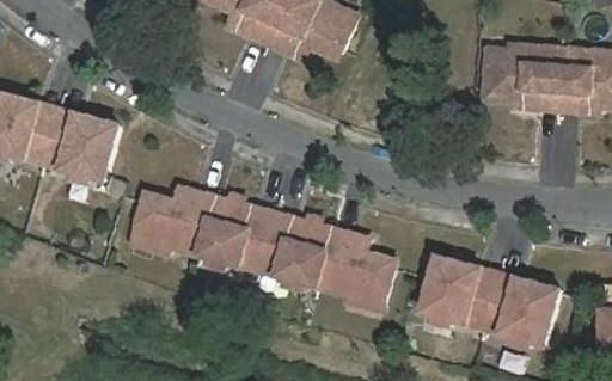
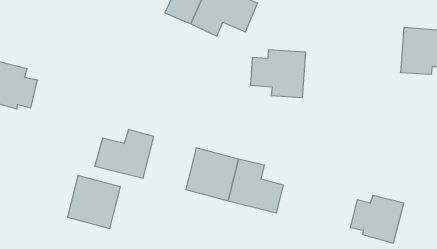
building: [482,44,558,110] -> [250,50,306,97]
building: [43,115,117,180] -> none
building: [198,198,271,271] -> [68,176,120,228]
building: [421,258,494,324] -> none

